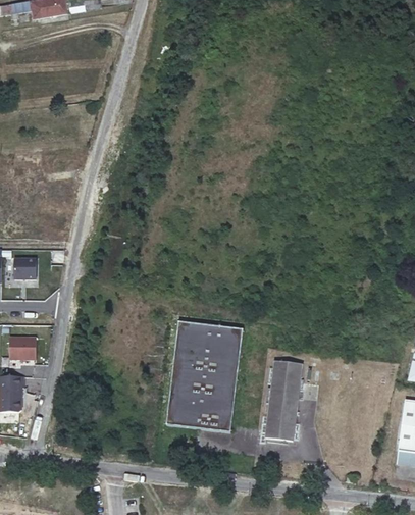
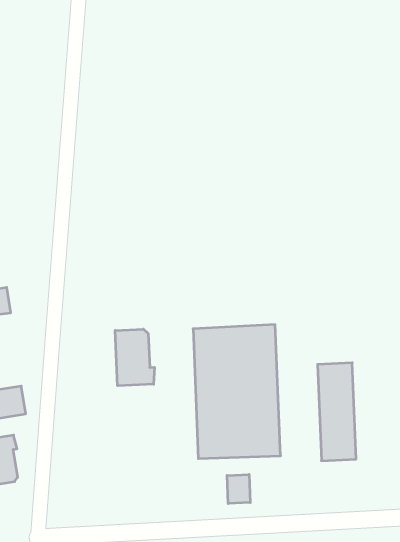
building: none -> [115,329,154,386]
building: none -> [227,474,250,504]

